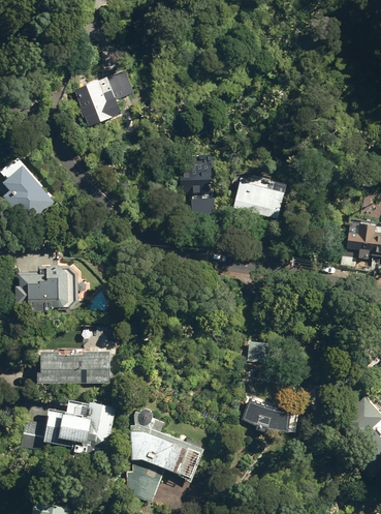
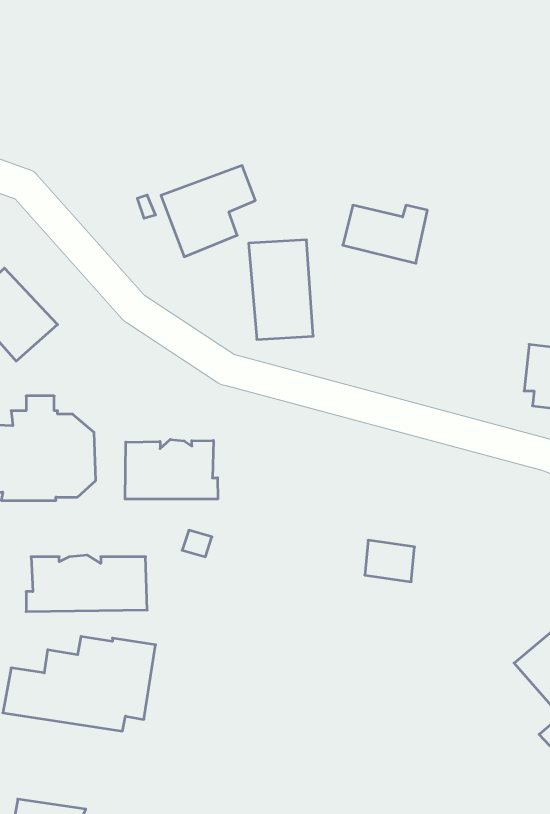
building: [76,71,135,128] -> [161,166,255,257]
building: [231,180,284,216] -> [343,205,427,263]
building: none -> [125,439,218,499]
building: [239,399,297,431] -> none
building: [127,407,203,502] -> none

